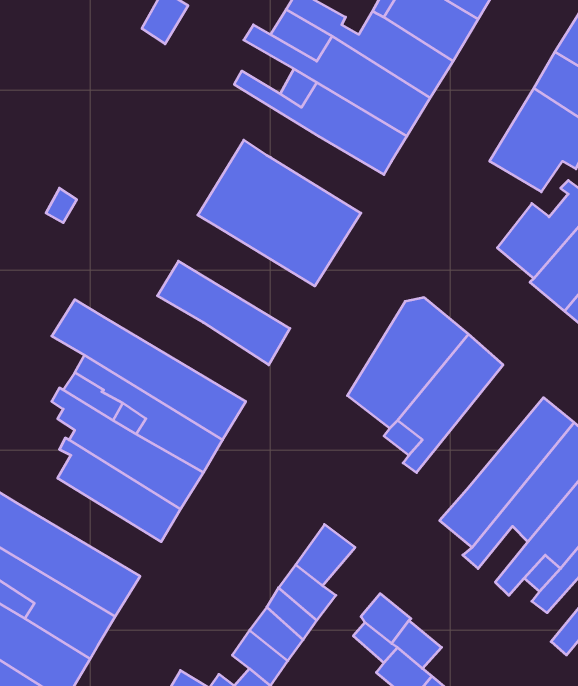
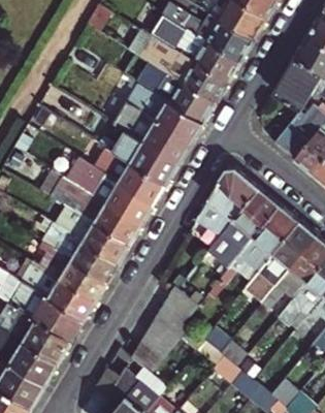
building: none -> [154,82,215,123]
building: none -> [97,130,177,185]
building: none -> [64,157,153,224]
building: none -> [207,204,300,298]
building: none -> [18,260,95,318]

